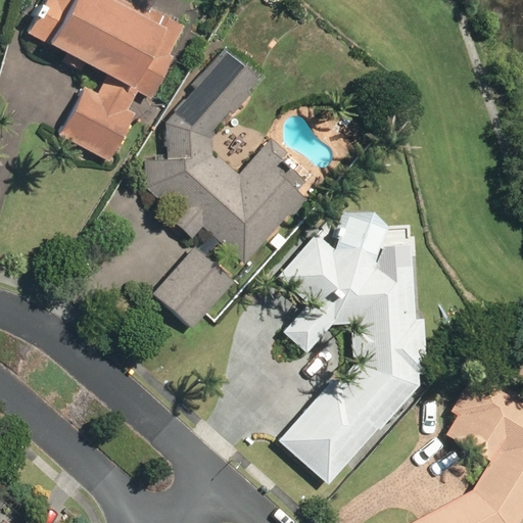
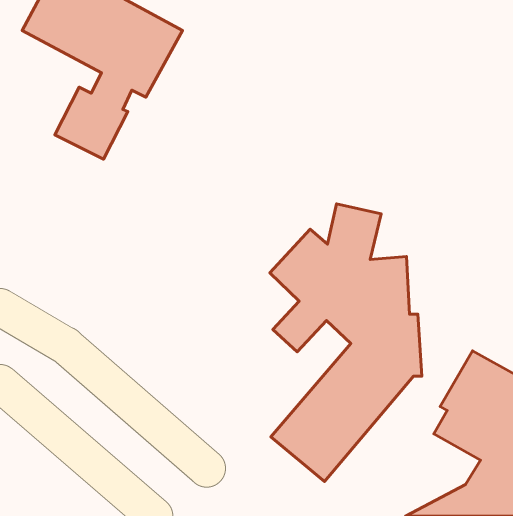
building: [136,45,318,264] -> none
building: [152,243,237,328] -> none

